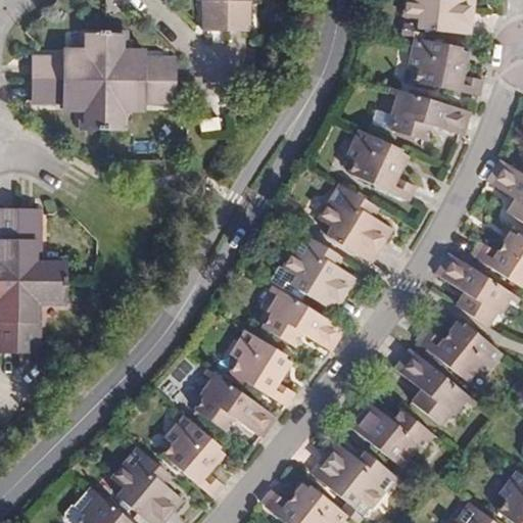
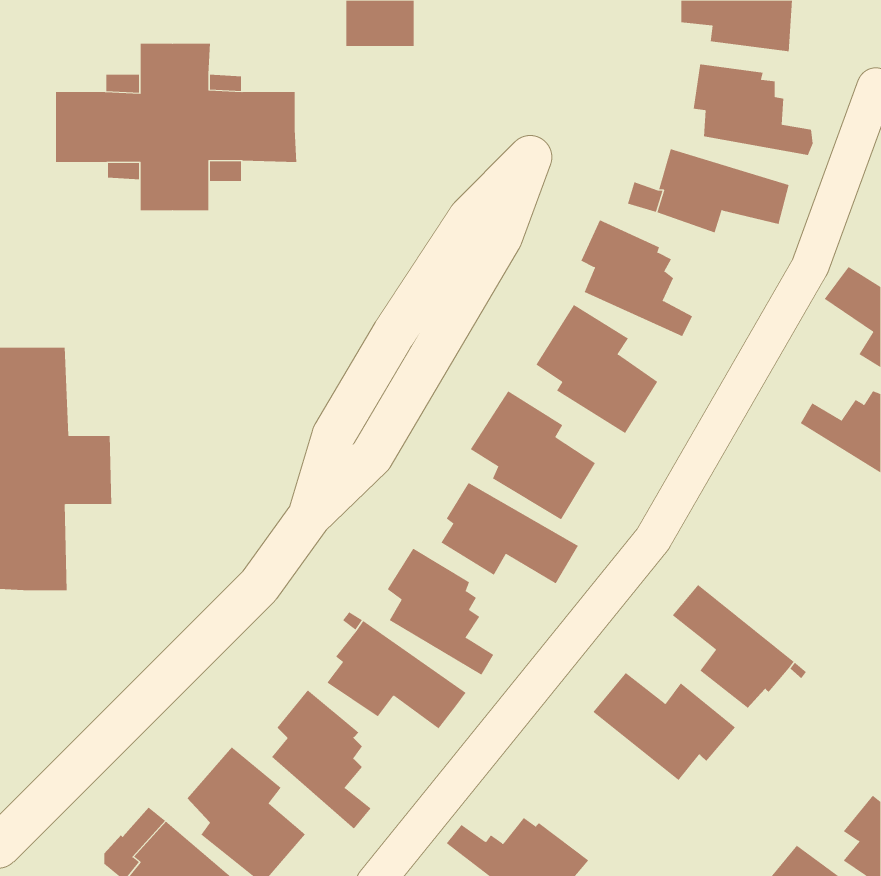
building: [439,253,514,325] -> none
building: [416,326,501,381] -> none
building: [313,442,397,507] -> none

